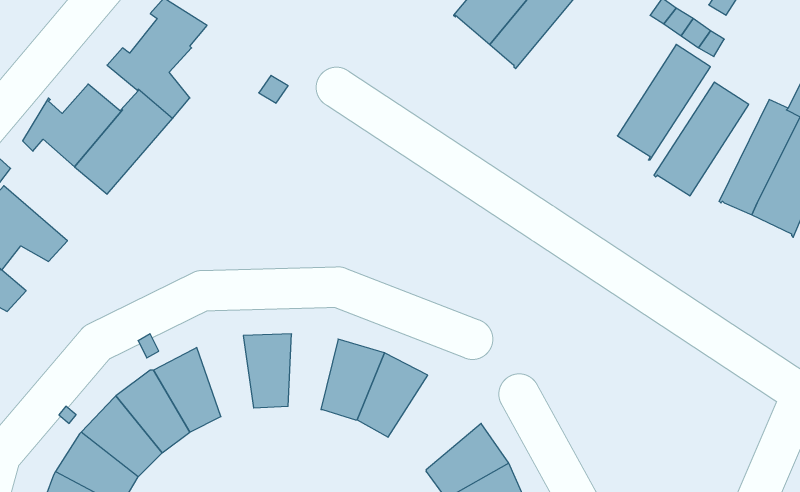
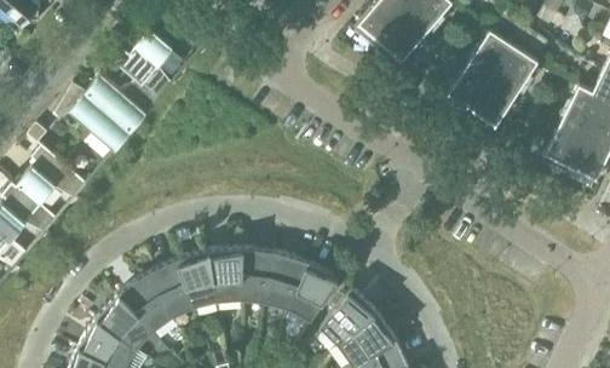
building: [654,82,749,196] -> [447,31,513,111]
building: none -> [241,251,276,304]
building: none -> [177,252,217,309]
building: none -> [320,289,376,346]

